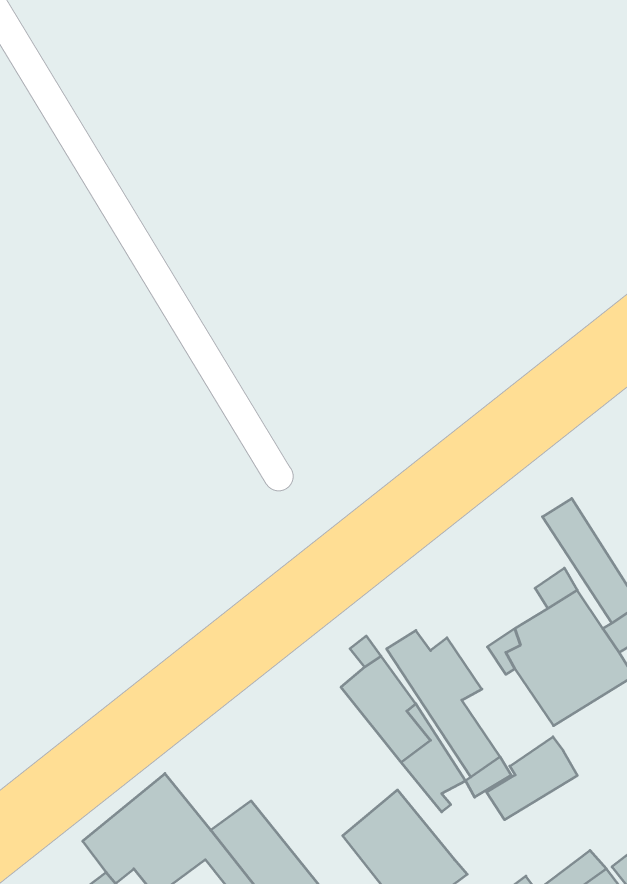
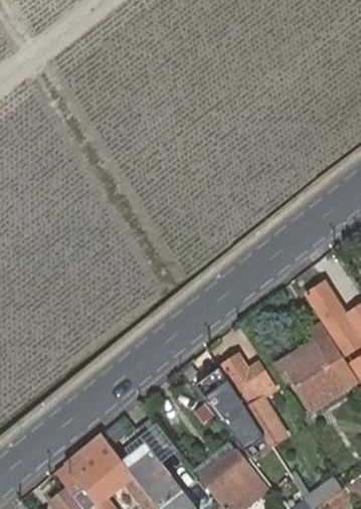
building: [487,737,577,820] -> none

